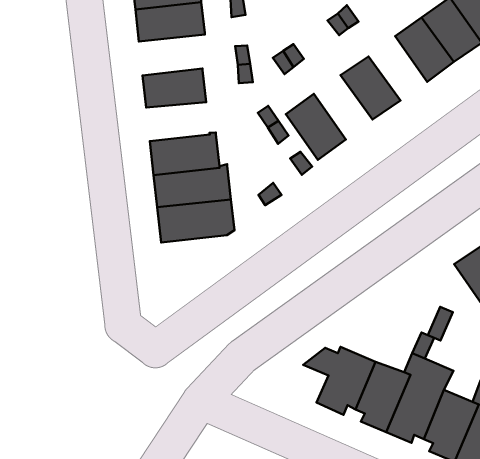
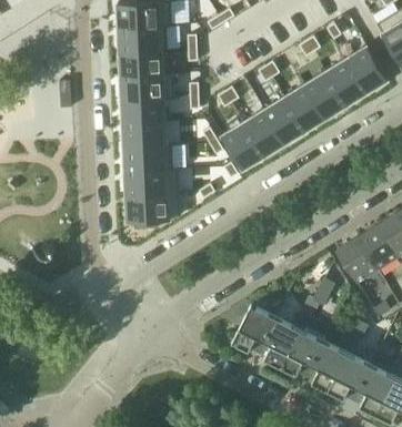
building: none -> [120,72,174,100]
building: none -> [284,83,325,130]
building: none -> [243,109,284,155]
building: none -> [122,122,167,148]

